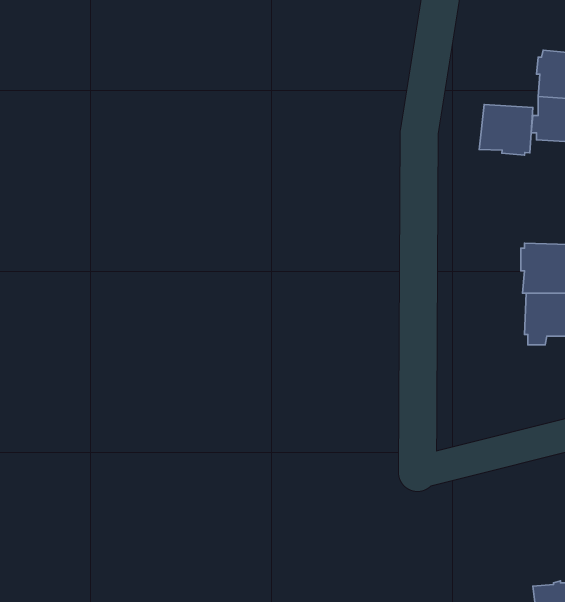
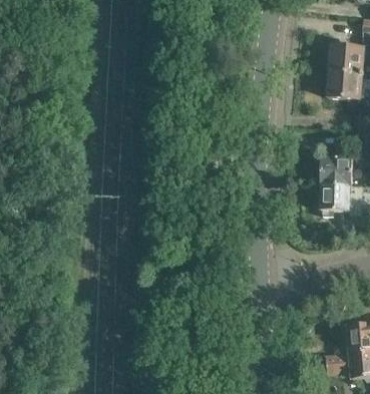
building: [479,104,533,155] -> none

